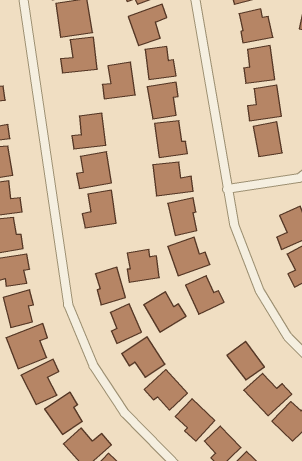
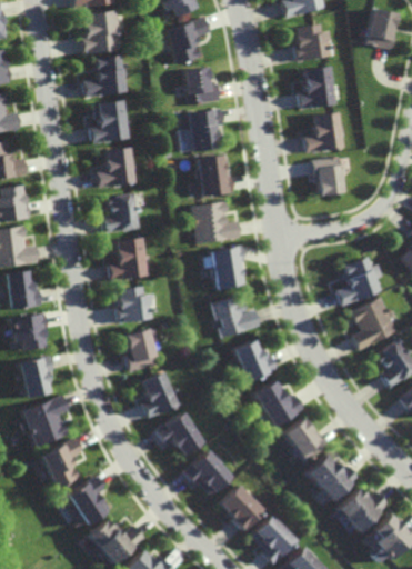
building: [102,62,135,99] -> [91,100,130,143]
building: [127,249,159,282] -> [118,286,155,325]
building: [144,292,186,332] -> [253,379,303,427]

